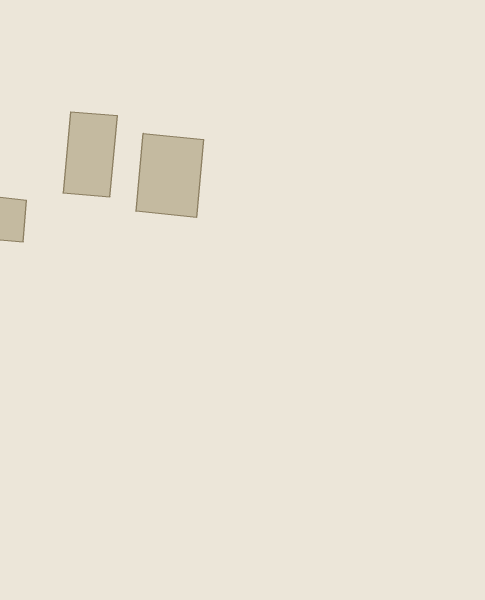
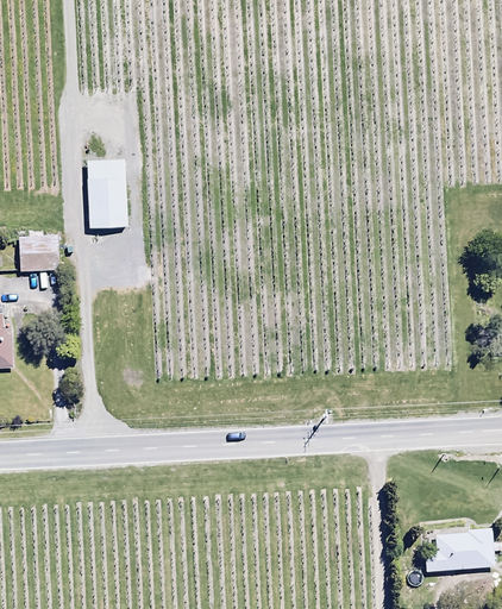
building: [136,133,204,217] -> none

